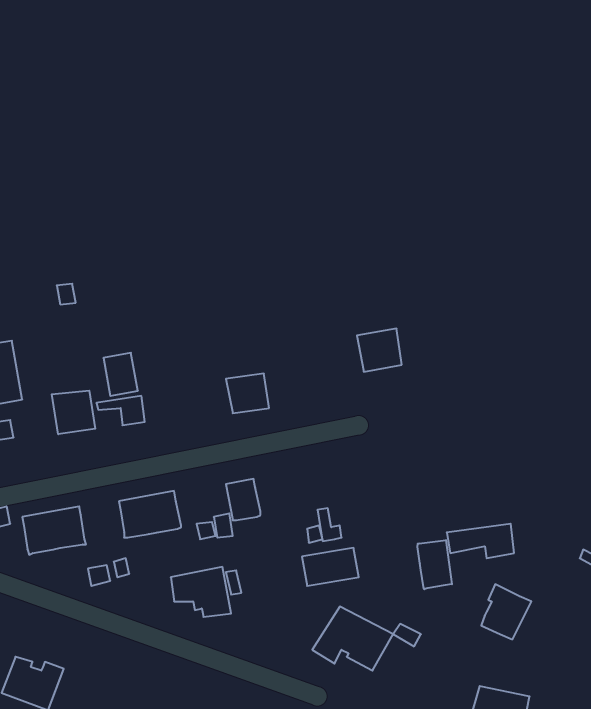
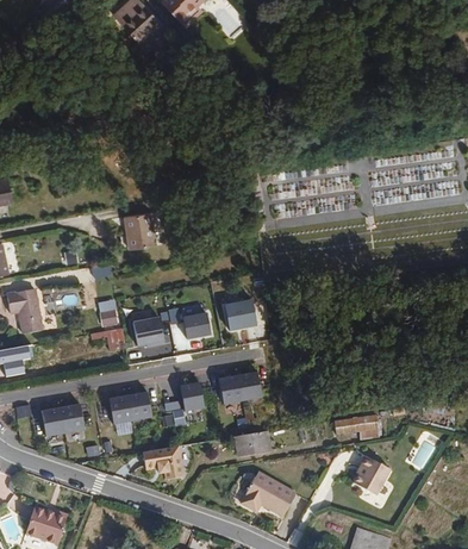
building: none -> [124,212,154,247]
building: [357,329,402,372] -> [224,301,255,331]
building: none -> [132,317,164,349]
building: [52,391,95,434] -> none
building: none -> [218,372,262,405]
building: [417,540,452,589] -> none

